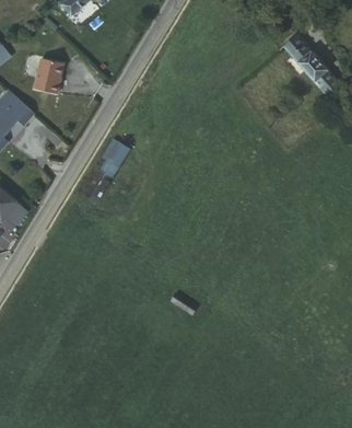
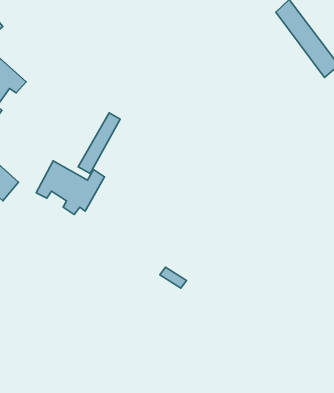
building: [34,59,60,93] -> none
building: none -> [36,161,105,215]

